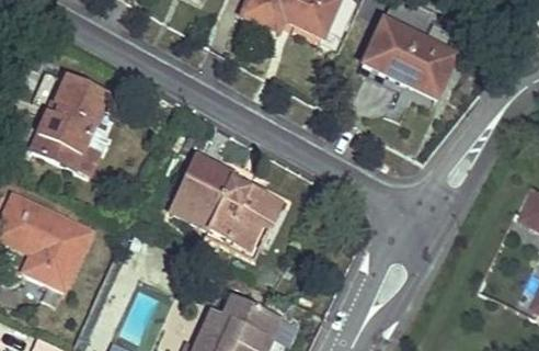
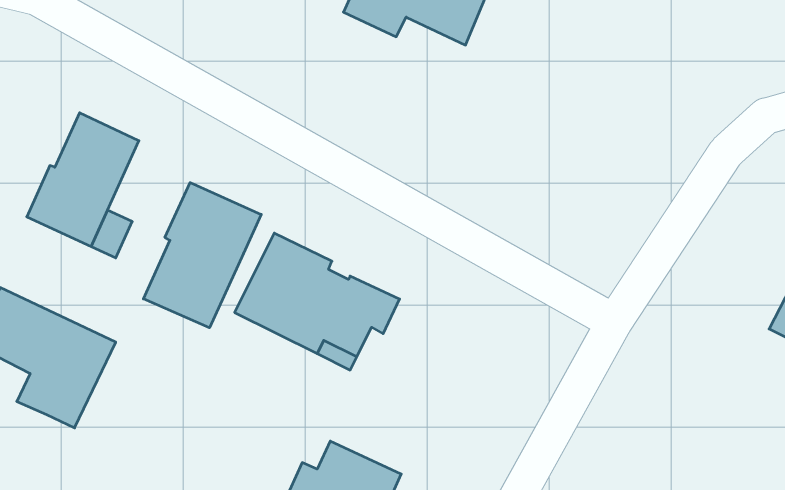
building: [363,21,456,98] -> none
building: none -> [143,183,261,328]

